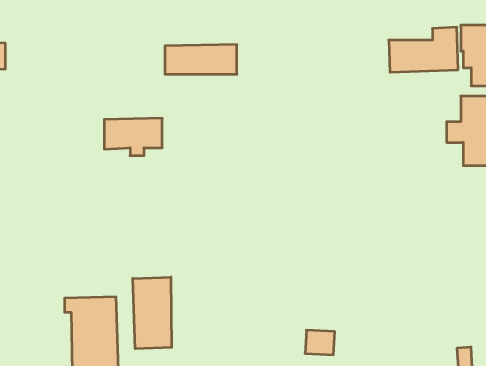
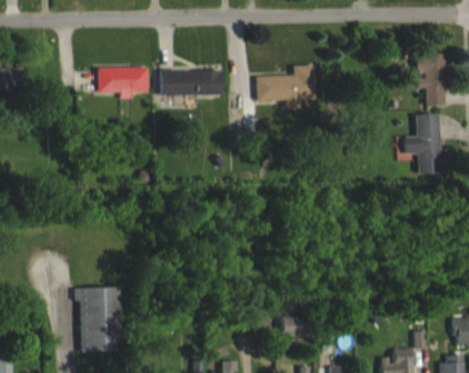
building: [389,27,458,72] -> [256,64,316,103]
building: [104,118,162,156] -> [98,67,148,99]
building: [133,277,172,349] -> none

